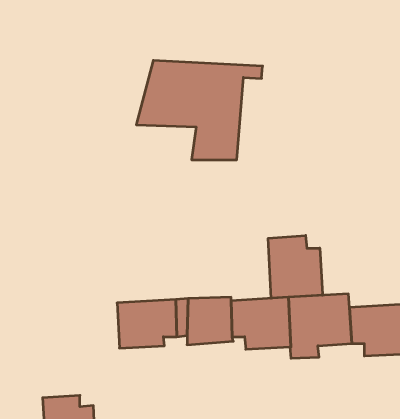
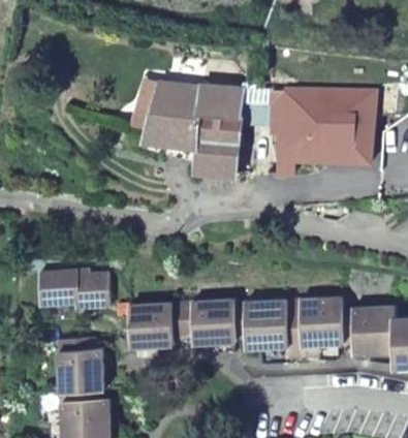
building: none -> [258,89,374,173]
building: [268,235,322,298] -> none
building: none -> [35,273,104,307]
building: none -> [56,338,99,393]

